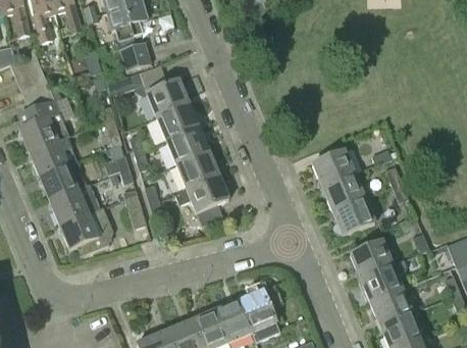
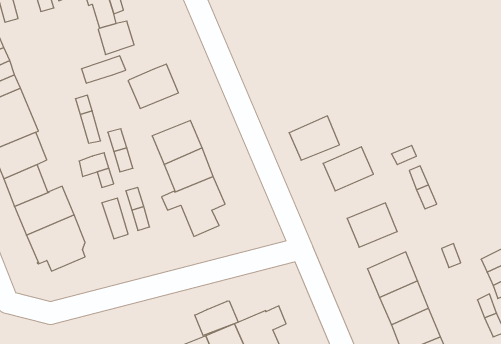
building: [156,102,199,139] -> none
building: [322,171,365,209] -> [289,116,339,160]
building: none -> [195,301,238,336]

